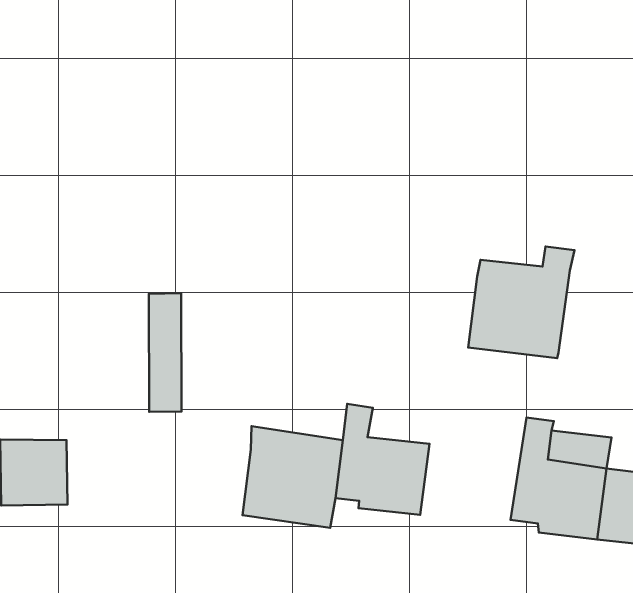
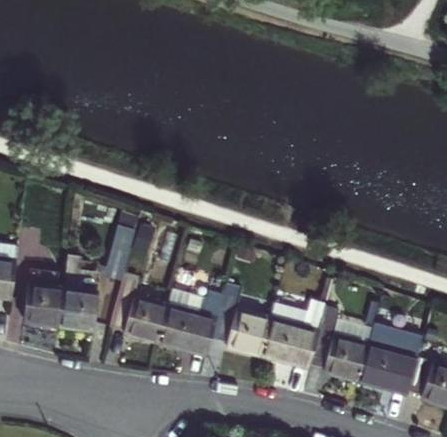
building: [468,247,574,358] -> [255,303,321,366]
building: none -> [107,293,165,342]
building: none -> [59,288,96,328]

